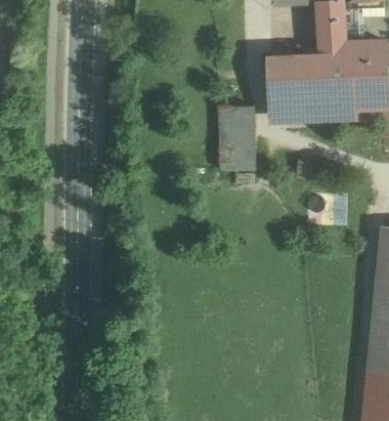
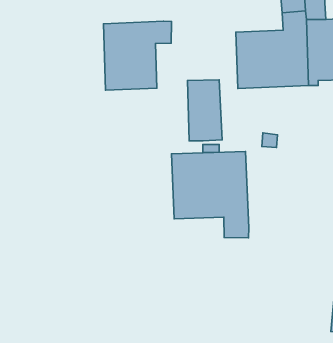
building: none -> [103,21,172,90]
building: none -> [172,152,249,238]

